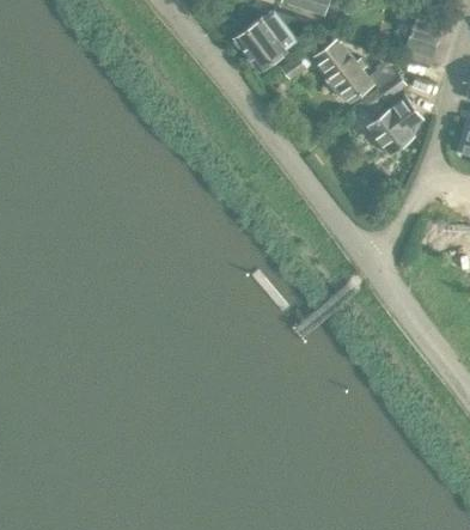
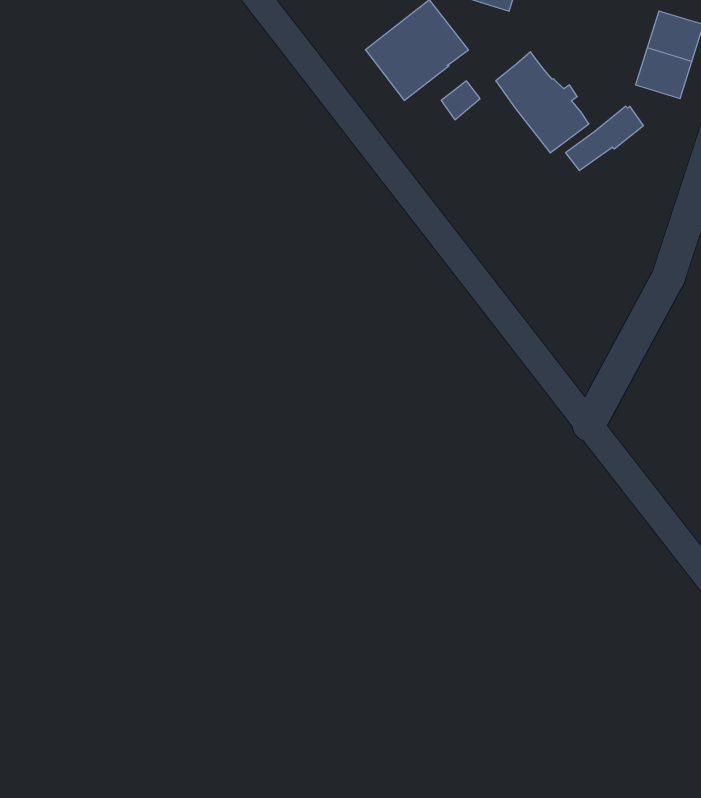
building: [368,97,423,153] -> none

